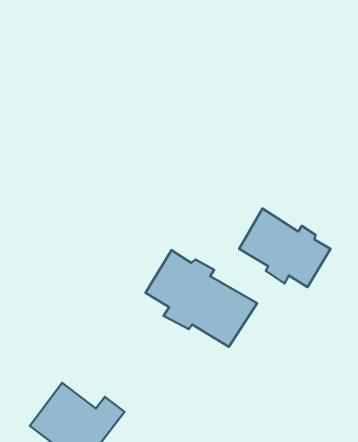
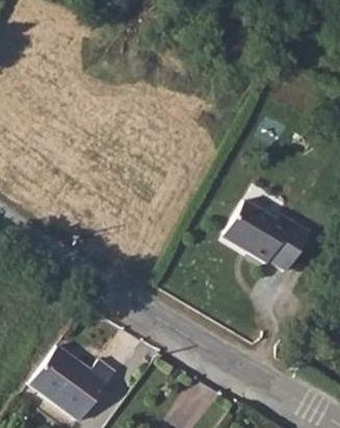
building: [145,250,257,347] -> none

